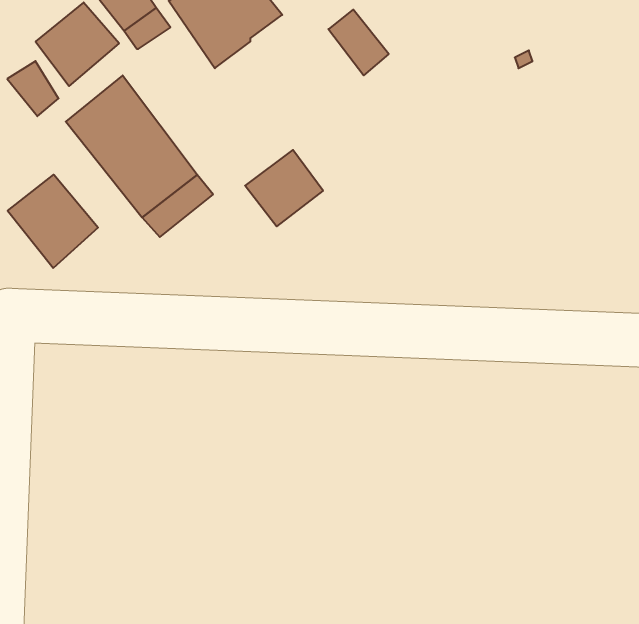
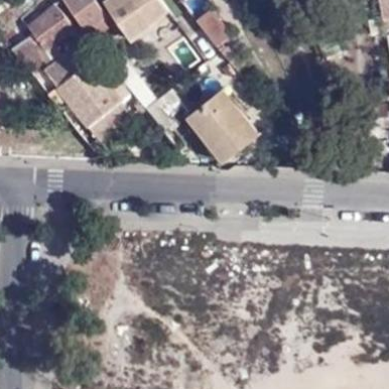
building: none -> [186,98,257,157]
building: [8,175,98,268] -> none

